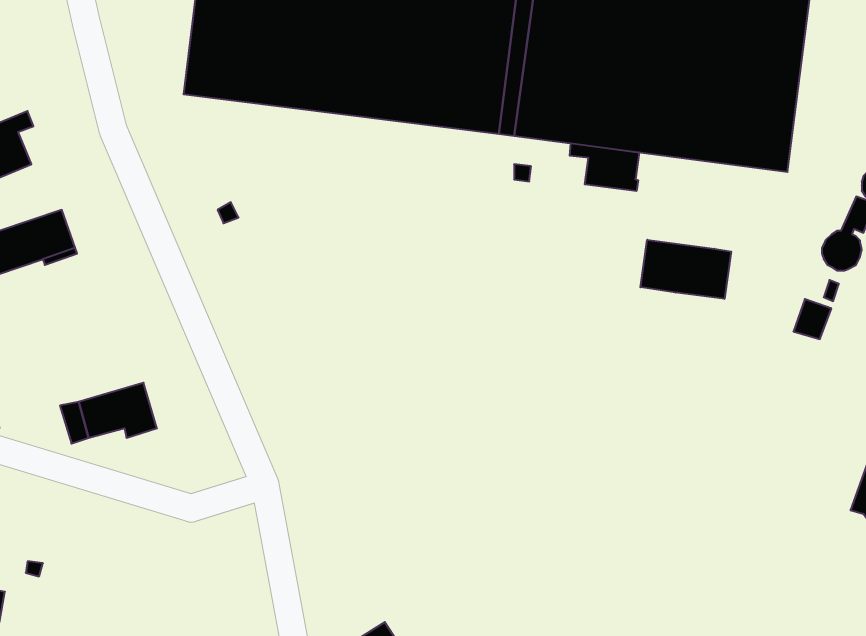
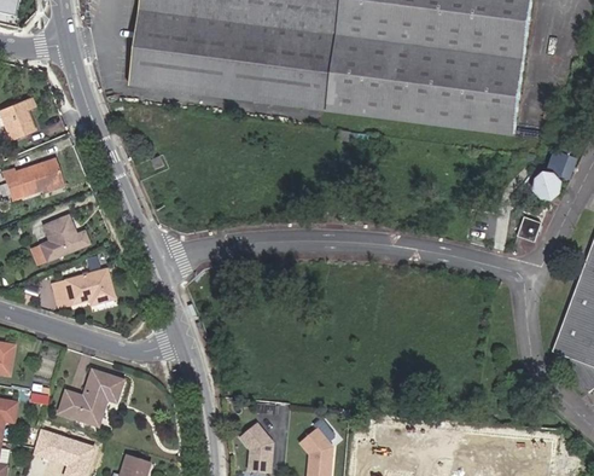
building: [570,143,639,191] -> none
building: [640,240,731,299] -> none
building: none -> [40,216,86,261]
building: none -> [57,370,120,425]

